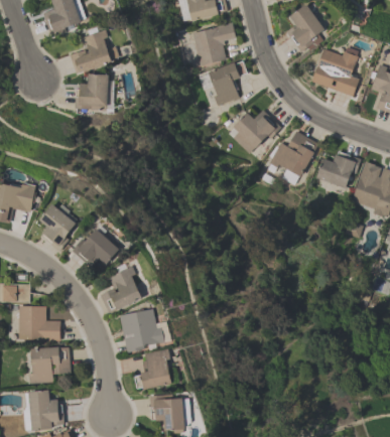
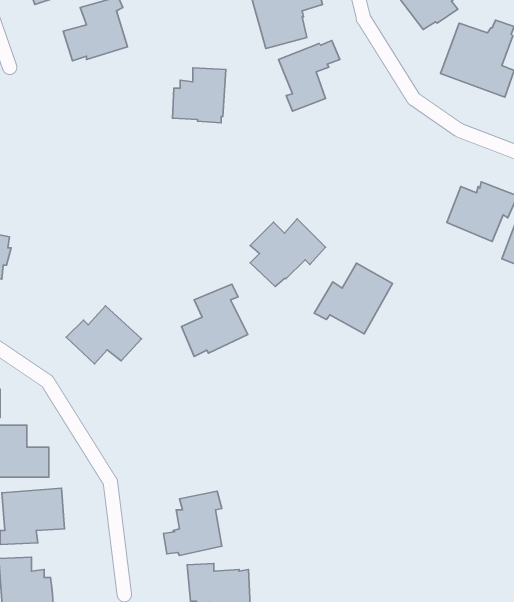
building: [75,75,109,110] -> [172,68,226,123]
building: [232,109,280,152] -> [250,219,325,286]
building: [268,130,318,175] -> [314,263,393,334]
building: [39,204,77,251] -> none
building: [101,267,143,313] -> [182,284,248,356]
building: [120,309,170,352] -> none

